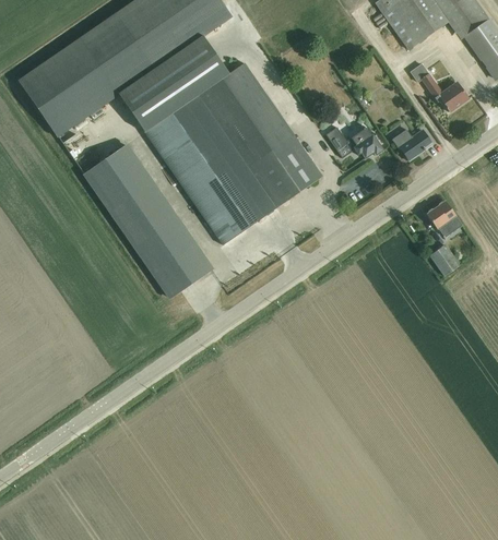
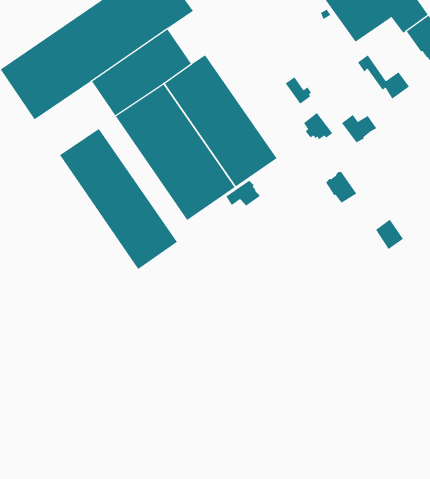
building: [325,127,355,157] -> [285,76,312,104]
building: none -> [225,180,261,207]
building: [427,200,462,236] -> [325,171,357,203]

